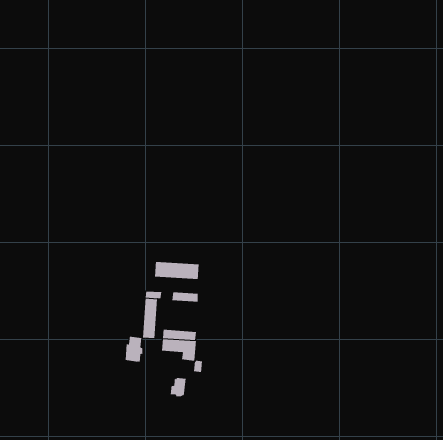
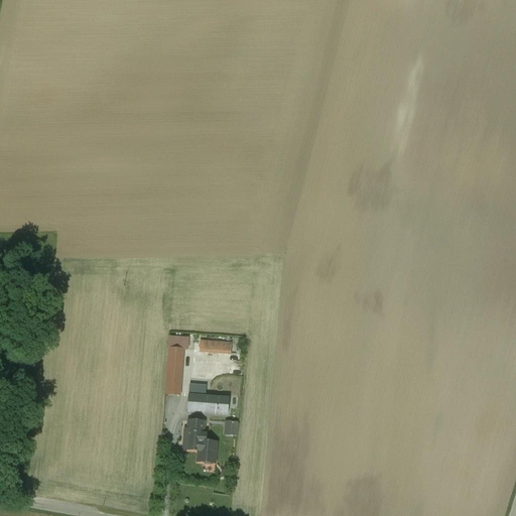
building: [155,261,199,280] -> none
building: [125,336,143,362] -> [183,418,205,448]

